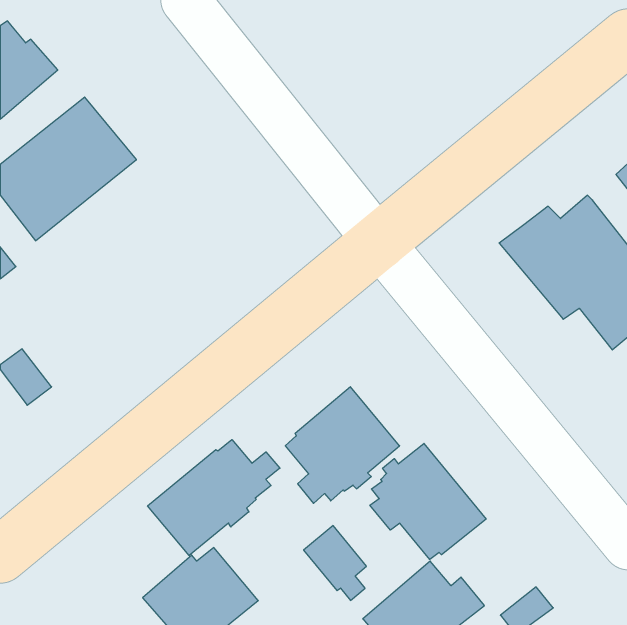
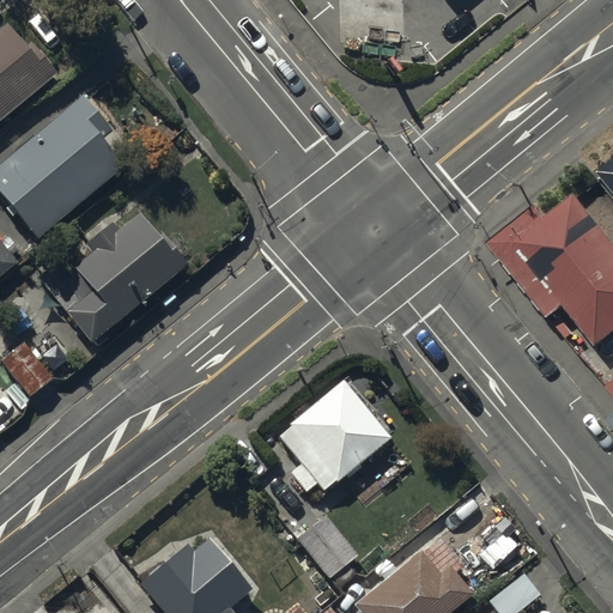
building: none -> [42,211,186,342]
building: [148,440,280,556] -> none
building: [370,443,486,559] -> none

